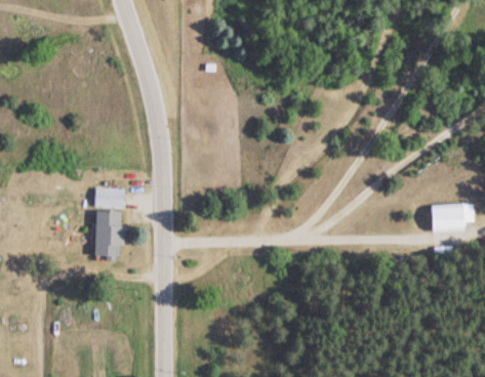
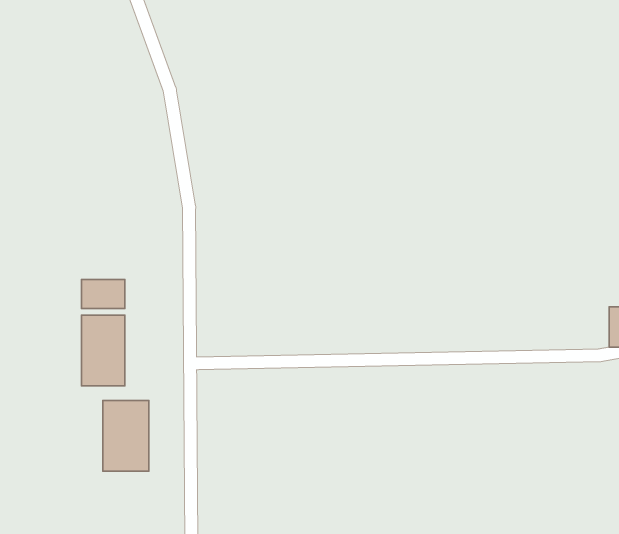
building: none -> [103,401,149,471]

